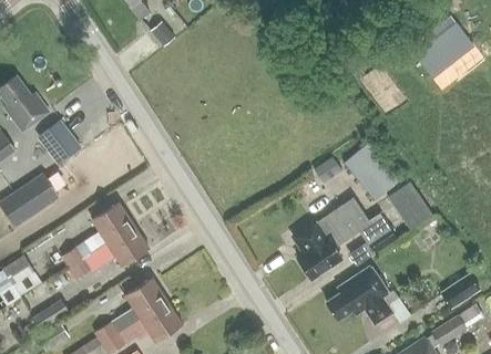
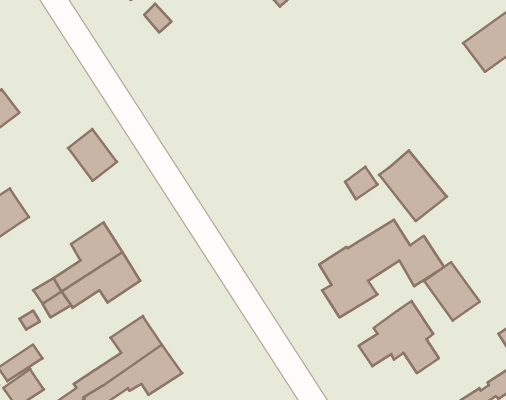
building: [41,119,81,162] -> [68,129,117,181]
building: [387,181,432,229] -> [424,262,480,321]

